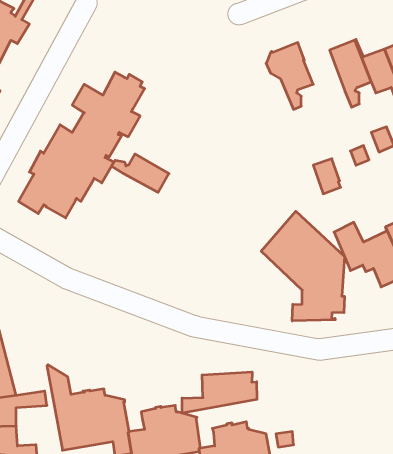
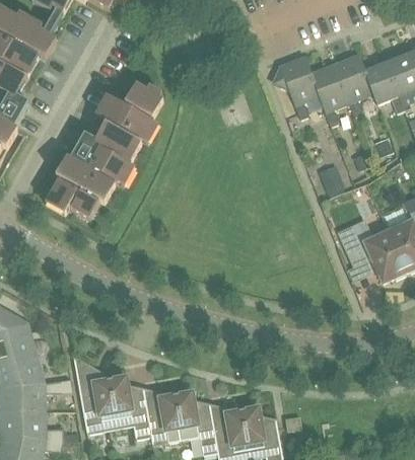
building: none -> [309,62,348,124]
building: [112,154,169,192] -> none
building: [261,211,345,321] -> none
building: [182,372,257,413] -> none

